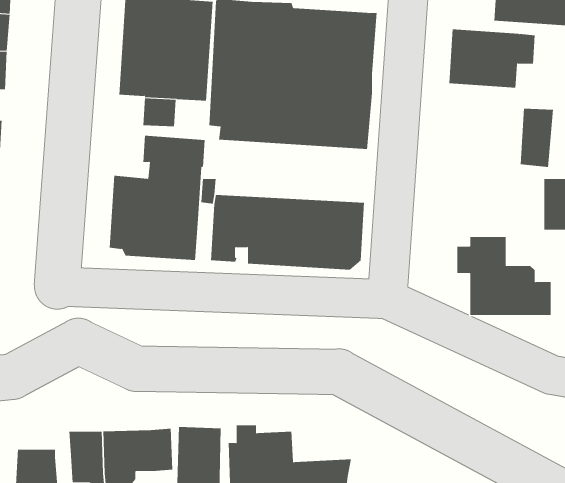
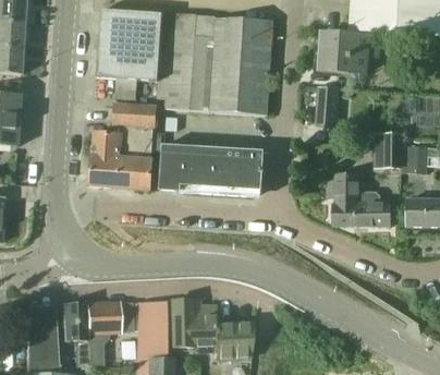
building: [520,108,554,168] -> [316,87,339,128]

